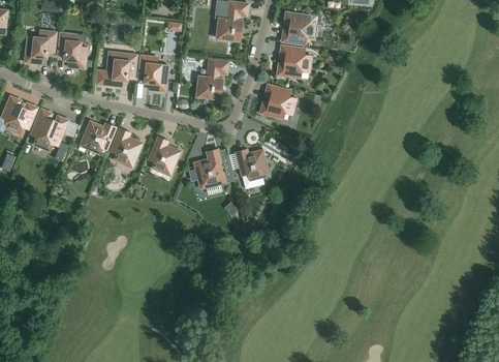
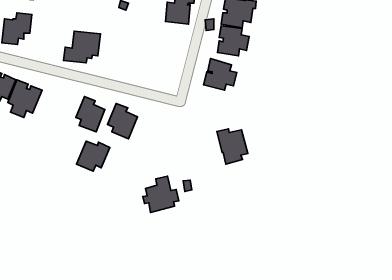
building: [56,31,88,69] -> none
building: [135,53,168,92] -> none
building: [194,58,229,100] -> none
building: [77,119,117,154] -> [76,141,110,171]
building: [189,147,231,189] -> [143,176,179,212]
building: [233,147,270,188] -> [217,129,248,164]

